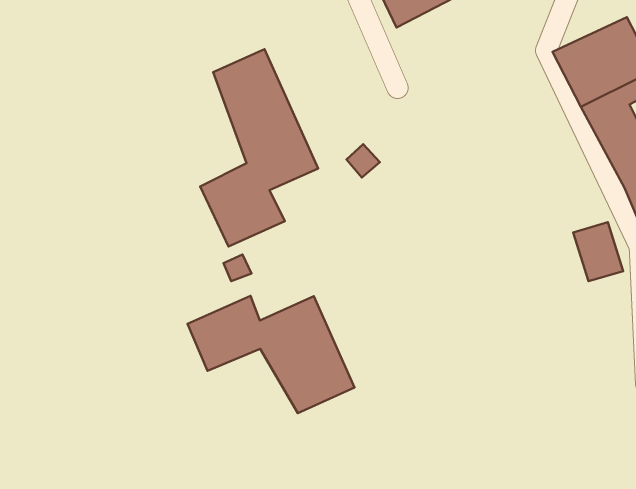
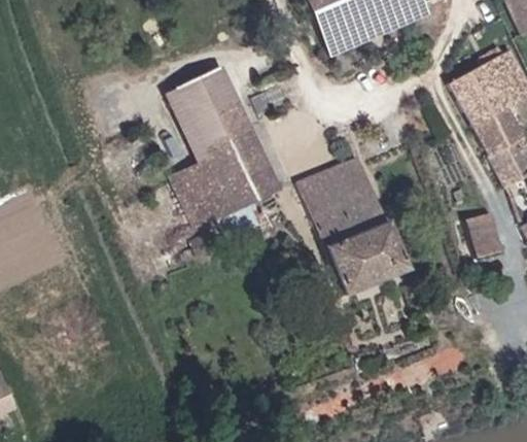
building: none -> [300,157,408,294]
building: none -> [225,167,276,209]
building: [188,296,355,413] -> none

